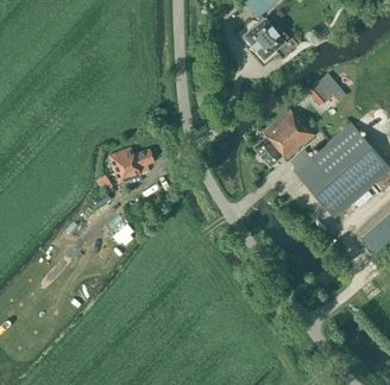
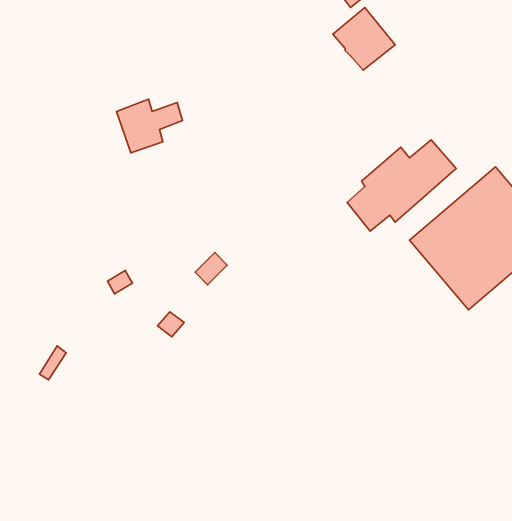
building: [308,72,347,105] -> none
building: [111,147,155,183] -> [116,99,183,153]

